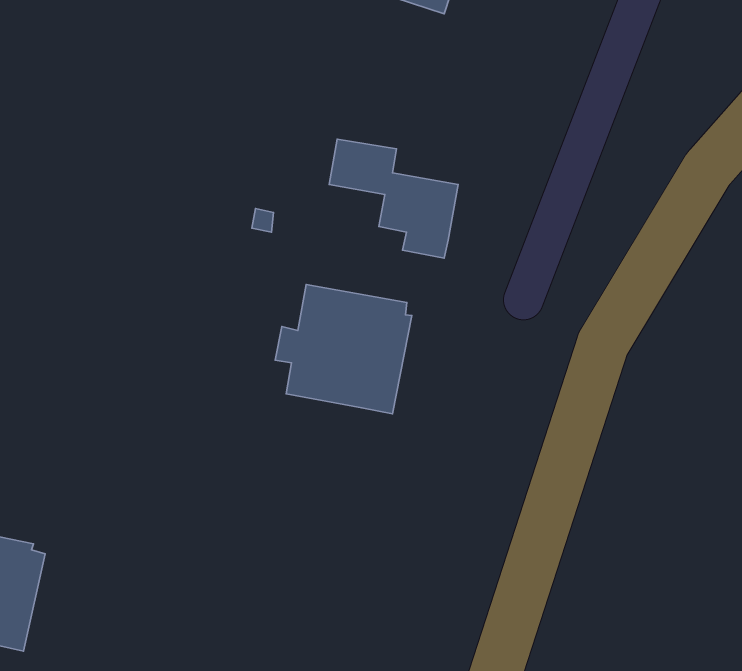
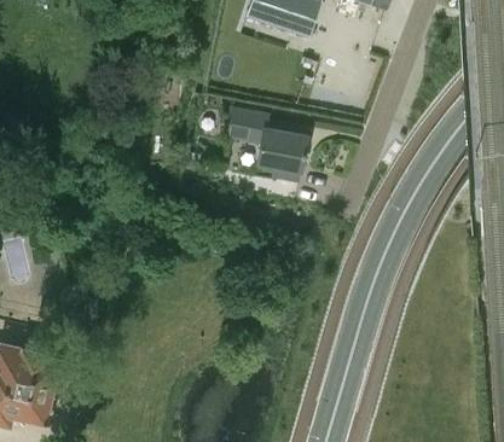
building: [275,284,412,414] -> none

